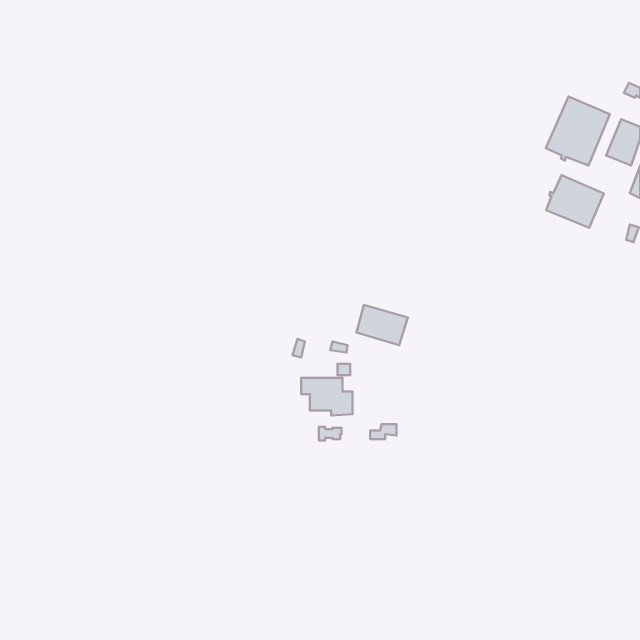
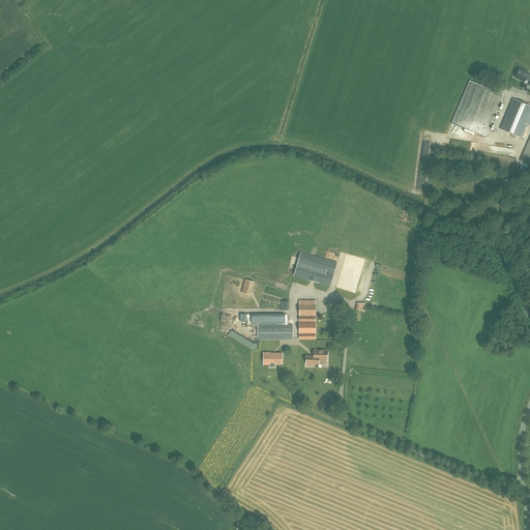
building: [546,175,604,228] -> none
building: none -> [298,302,315,338]

